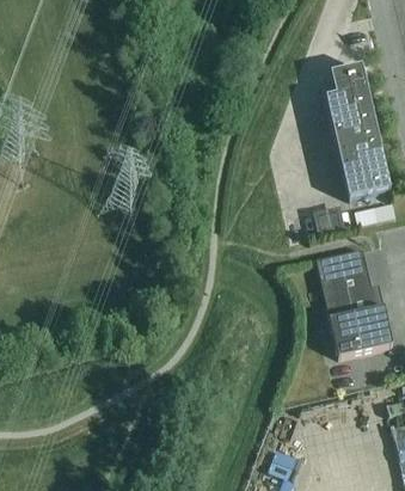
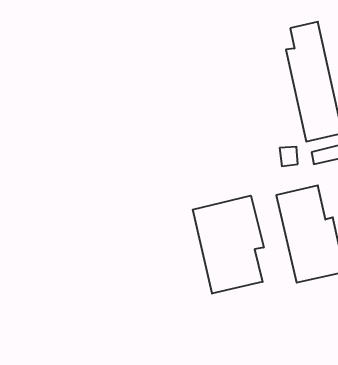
building: none -> [193,196,264,294]

